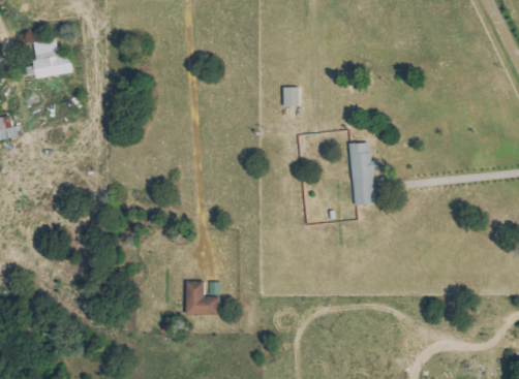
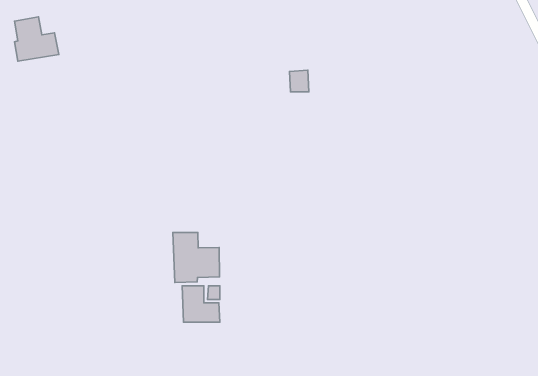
building: [349,143,377,206] -> none
building: none -> [173,232,220,283]

